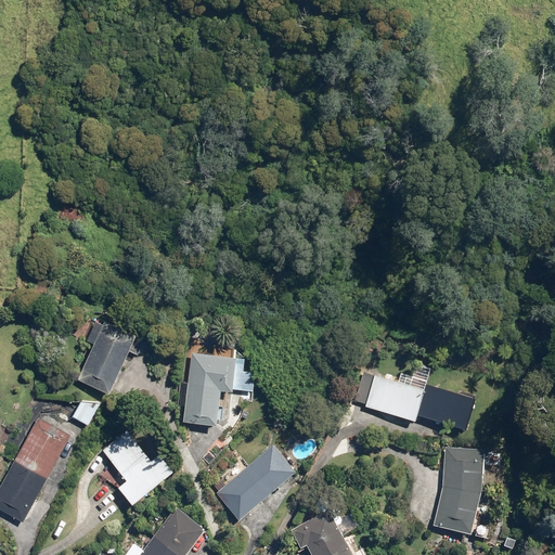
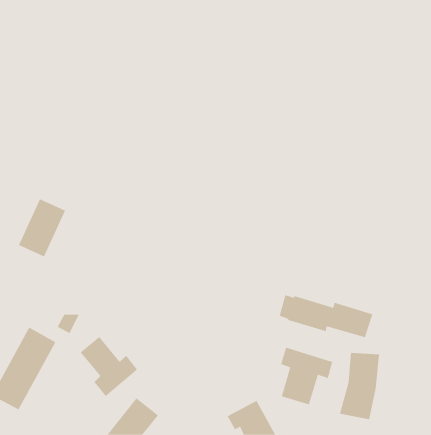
building: [79,319,140,393] -> [18,199,66,257]
building: [180,353,253,426] -> none
building: none -> [281,347,333,405]
building: [215,444,295,520] -> none

